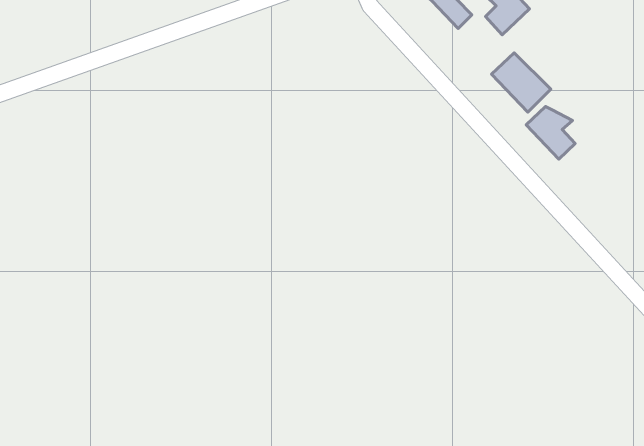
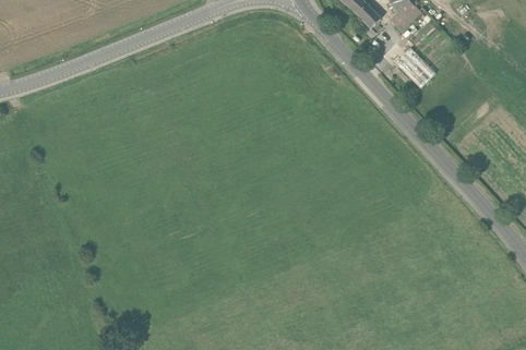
building: [526,107,575,159] -> none

